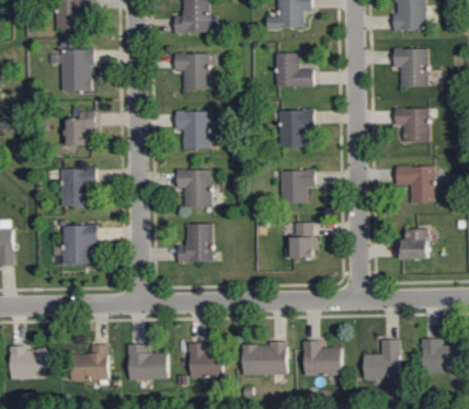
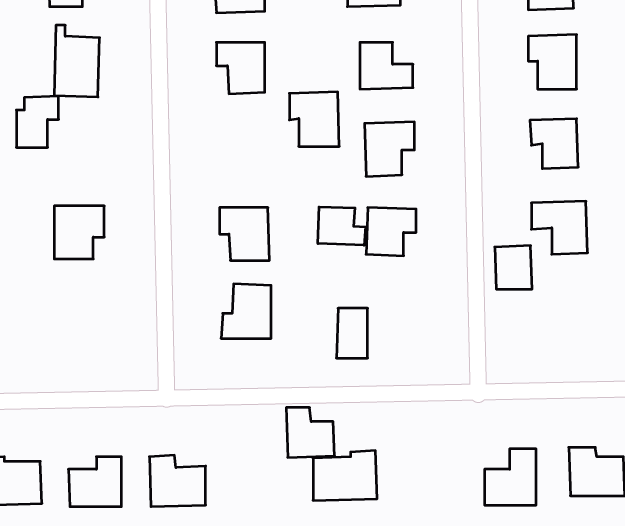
building: [66,110,95,146] -> [16,96,59,147]
building: [175,111,210,149] -> [289,92,339,146]
building: none -> [318,207,365,245]
building: [291,223,313,258] -> [336,308,368,358]
building: [53,225,96,264] -> none
building: [402,229,428,260] -> [495,246,532,289]
building: [302,341,341,376] -> none
building: [188,343,222,378] -> [286,408,335,457]

